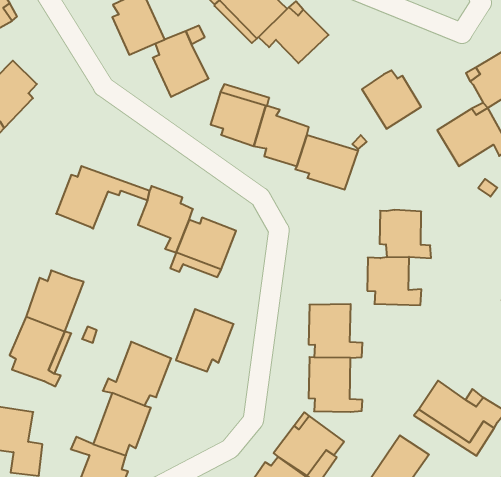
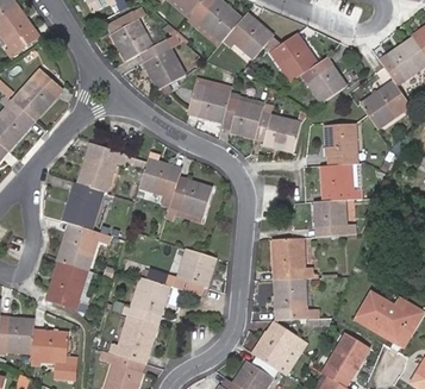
building: none -> [271,37,317,81]
building: none -> [323,123,356,164]
building: none -> [62,182,104,230]

